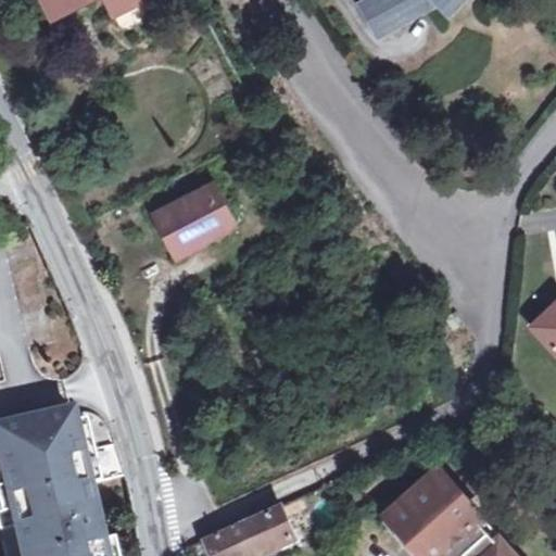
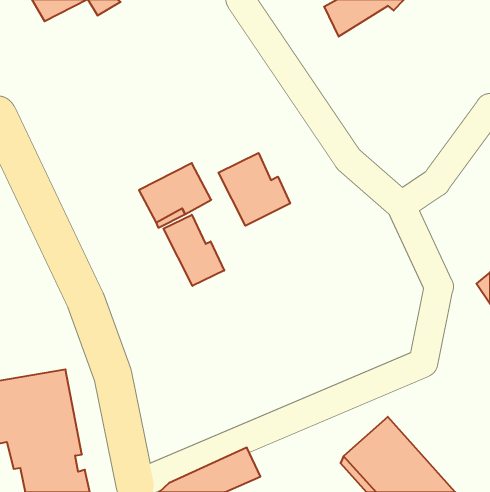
building: none -> [218,153,290,226]
building: none -> [163,215,224,286]

